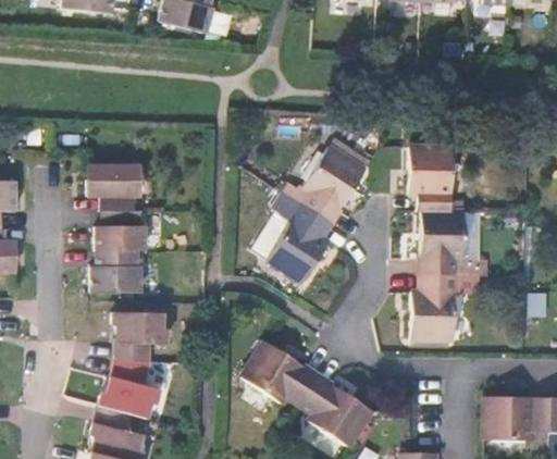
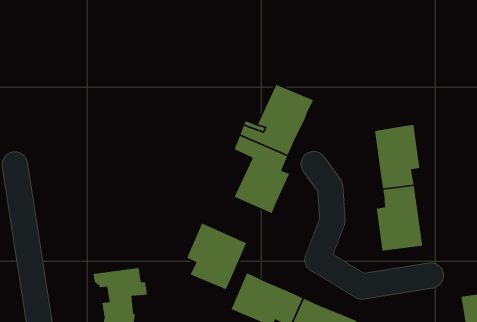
building: [410,148,458,212] -> none
building: [90,166,147,291] -> none
building: none -> [186,222,247,290]

